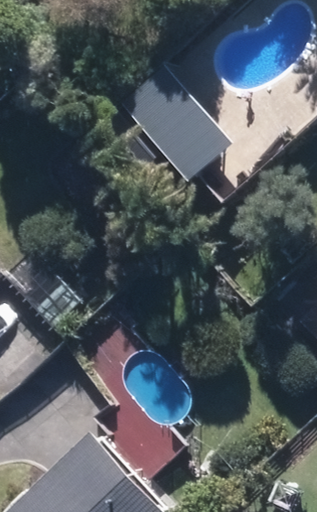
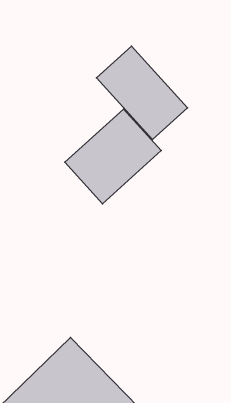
building: none -> [65,109,161,204]

